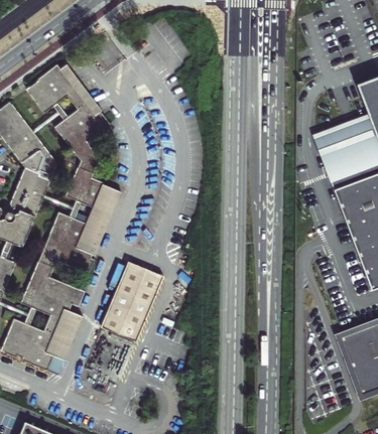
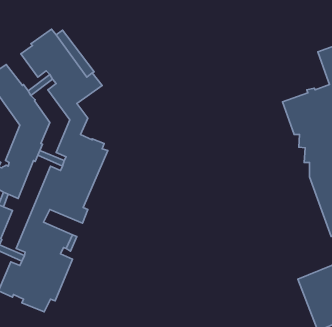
building: [100,263,163,343] -> none

